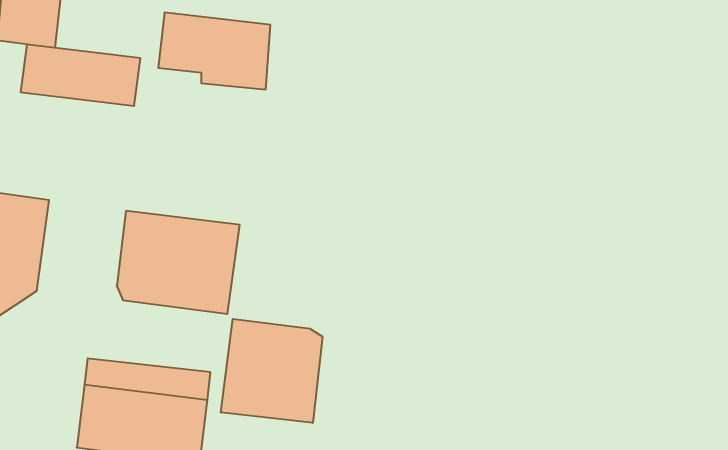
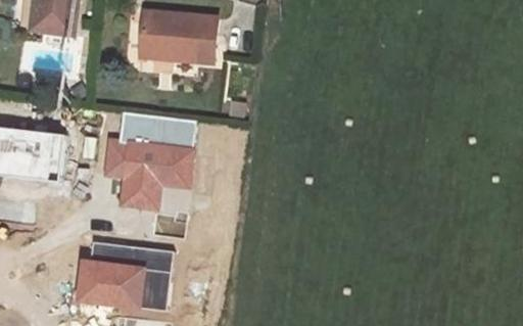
building: [21,44,140,106] -> [115,112,195,153]
building: [221,319,322,423] -> none

